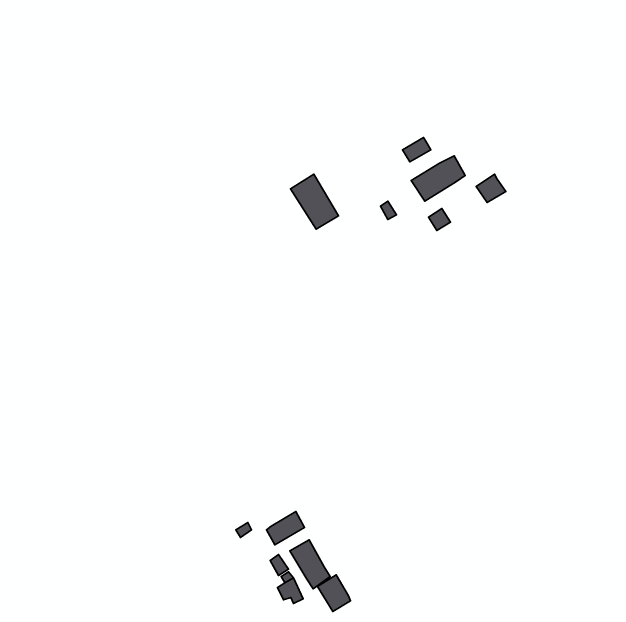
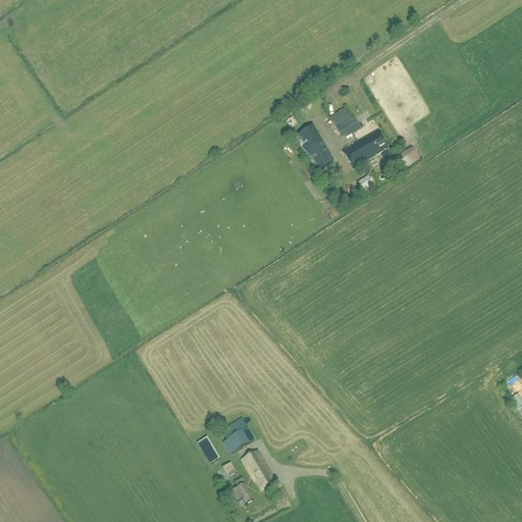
building: [291,174,338,229] -> [293,123,332,169]
building: [318,575,350,611] -> none

